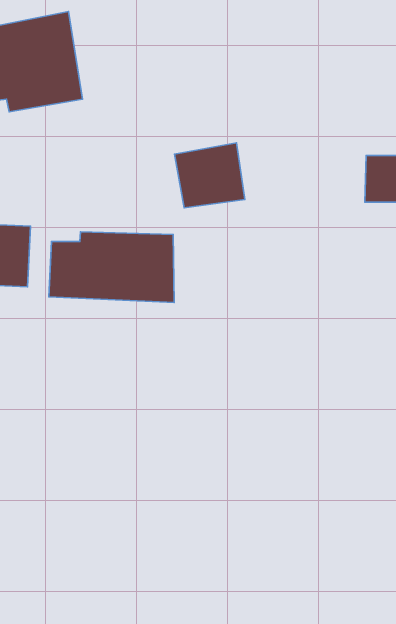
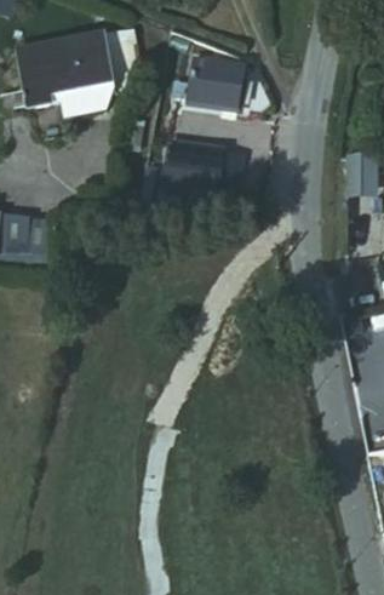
building: none -> [188,56,245,108]
building: [49,232,174,302] -> none

